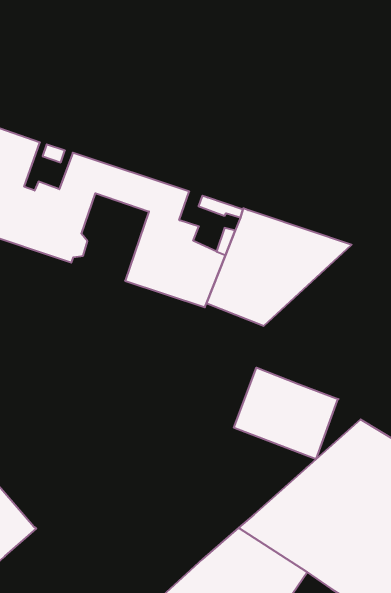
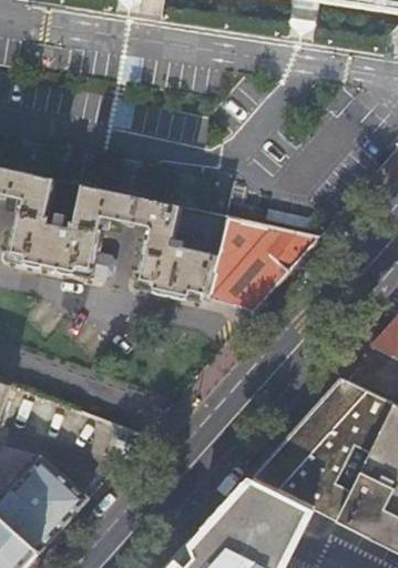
building: [234,368,339,459] -> none

